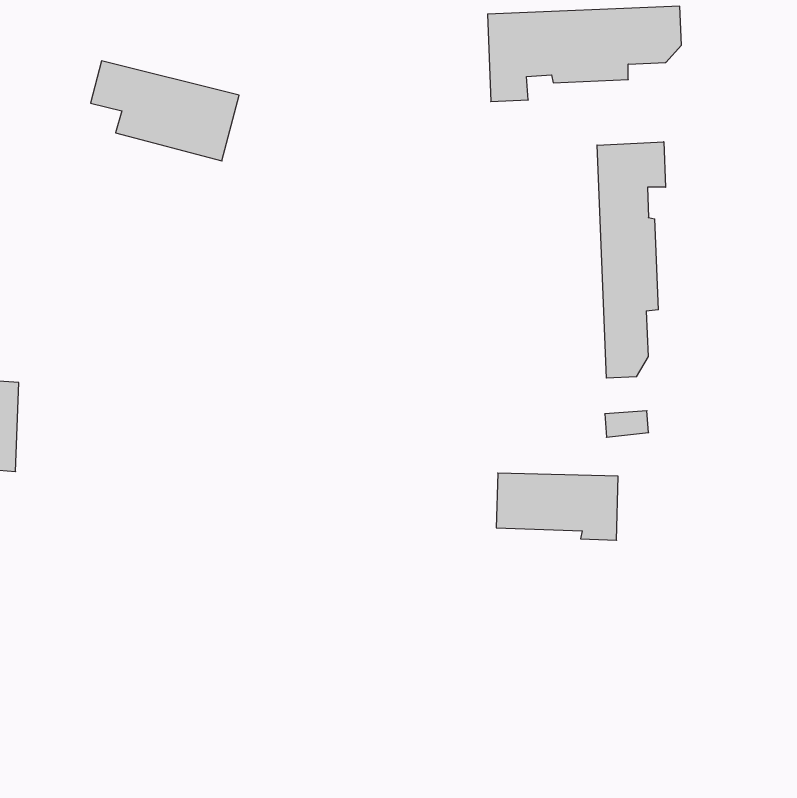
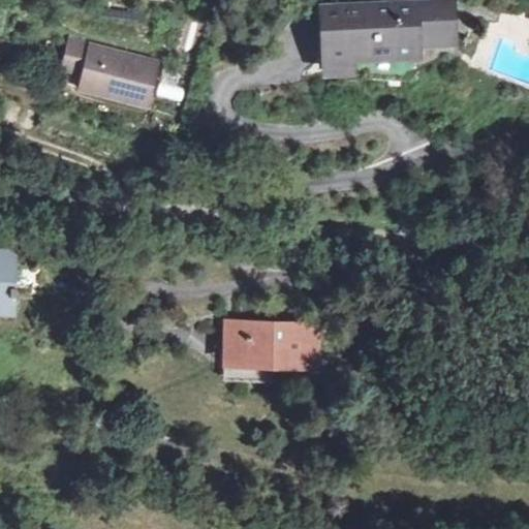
building: [597,142,666,378] -> none
building: [496,473,618,540] -> [234,323,314,368]

